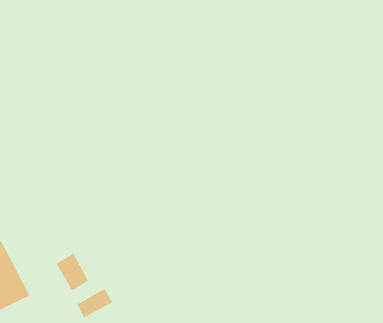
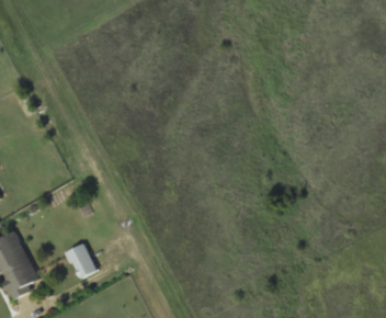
building: [77,288,113,318] -> none

